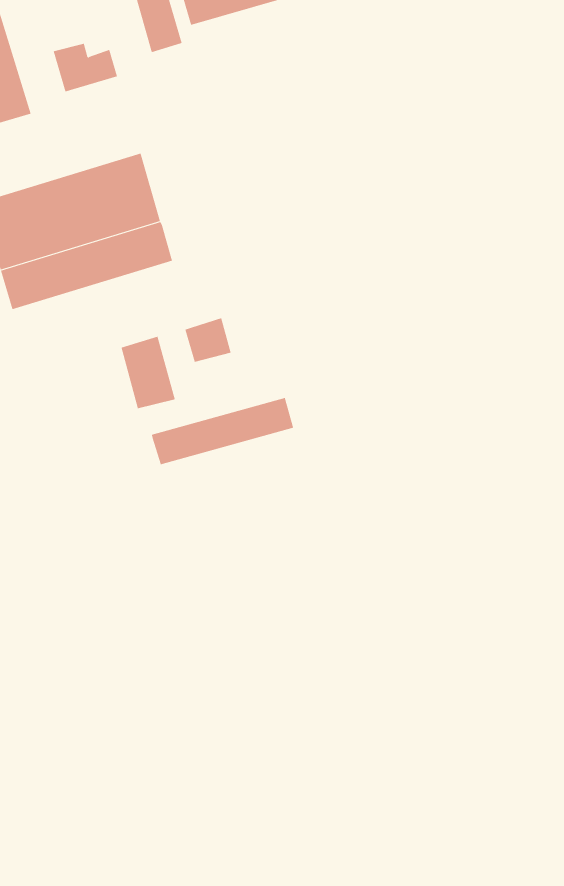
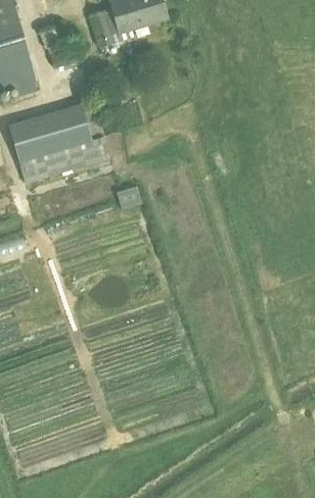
building: [121,336,175,409] -> none
building: [152,397,294,465] -> none

